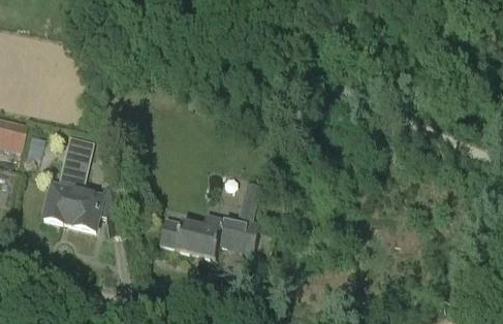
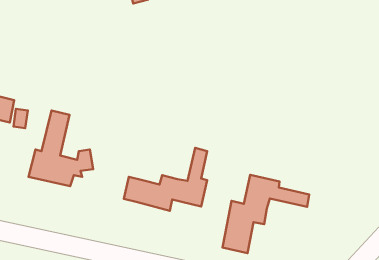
building: none -> [223,175,309,253]

